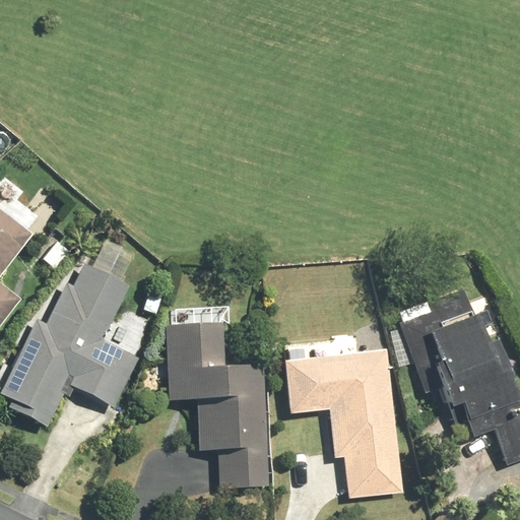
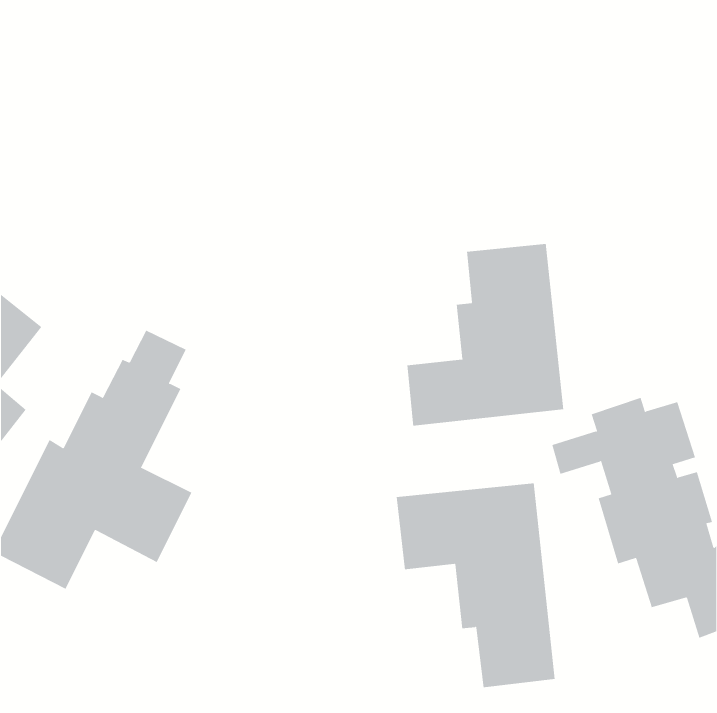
building: none -> [407,243,564,427]
building: [168,322,267,490] -> none

